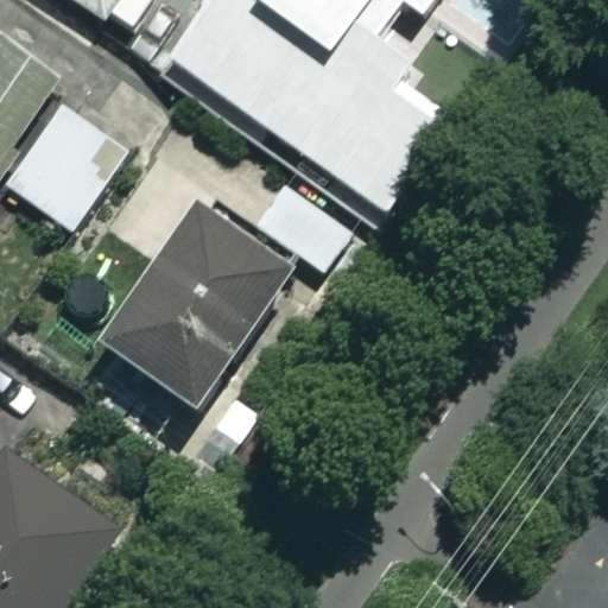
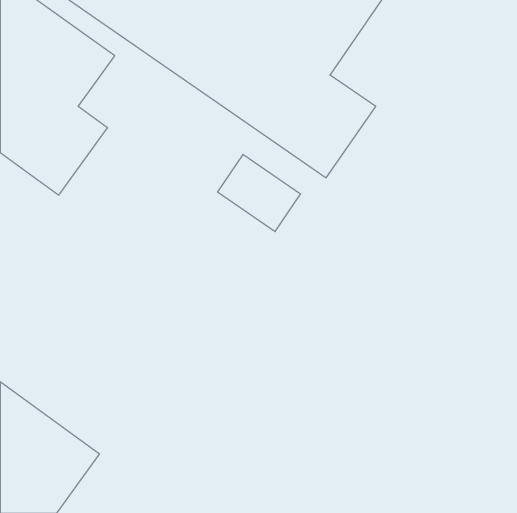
building: [100,171,281,407] -> none

